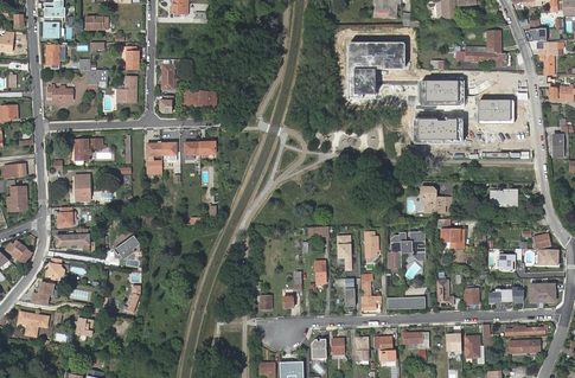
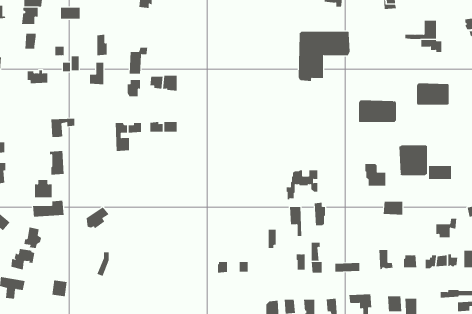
building: [421,79,464,104] -> none
building: none -> [399,145,427,176]
building: [386,233,422,267] -> [286,170,318,200]

